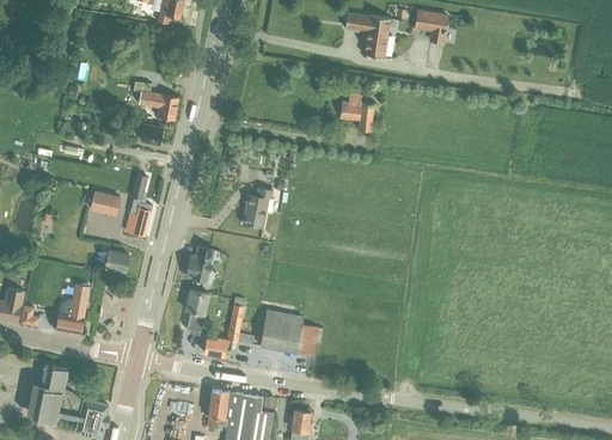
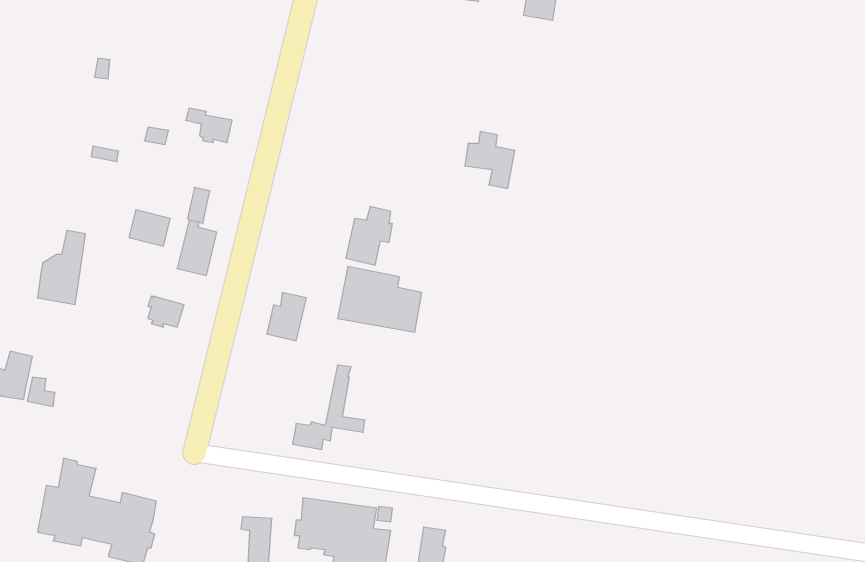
building: [134,82,178,120] -> none
building: [339,92,374,132] -> [465,131,515,188]
building: [55,283,88,335] -> [37,231,86,305]
building: [184,291,207,335] -> none
building: [259,310,318,355] -> [337,267,422,332]

